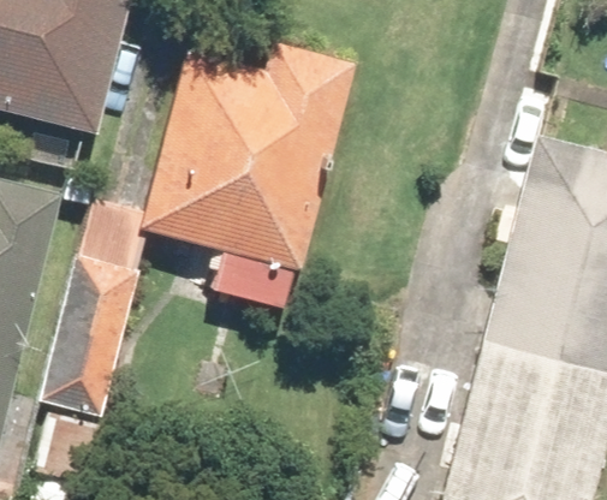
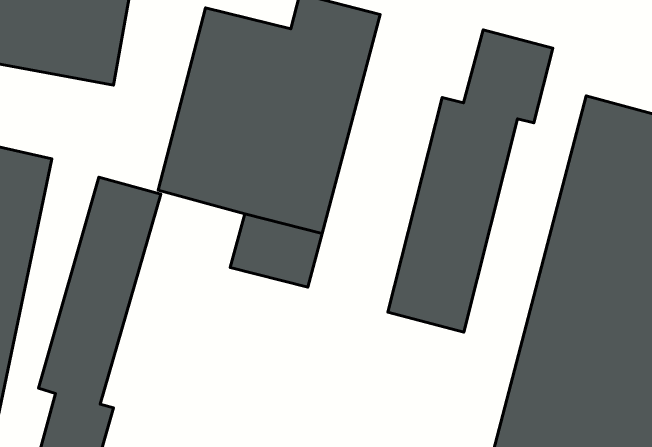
building: none -> [388,30,553,332]

